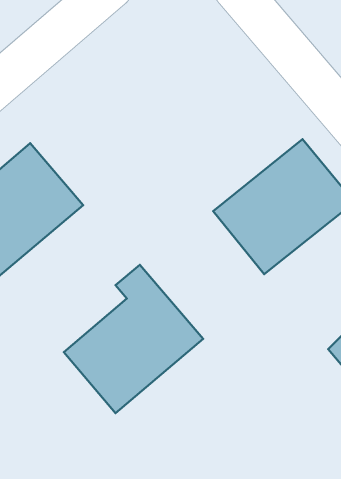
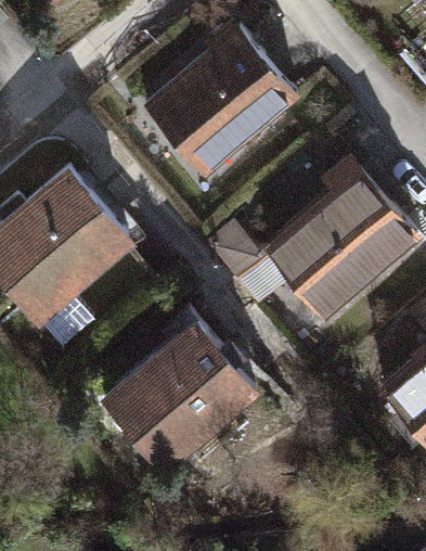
building: none -> [141,27,297,178]

